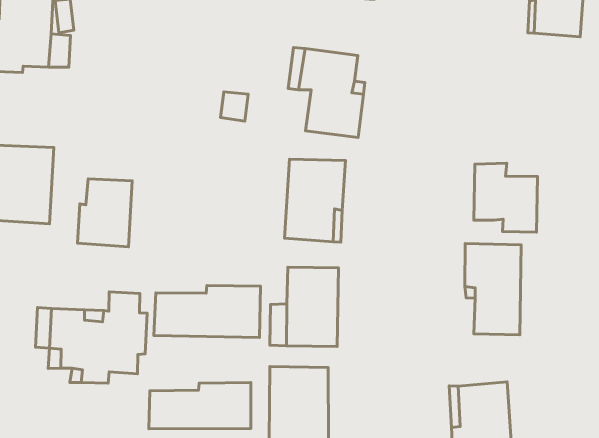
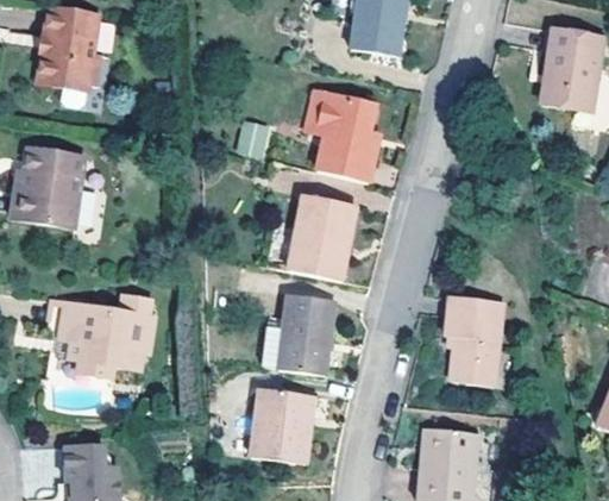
building: [474,163,537,232] -> none
building: [78,179,132,247] -> none
building: [154,286,260,337] -> none
building: [149,382,251,429] -> none

